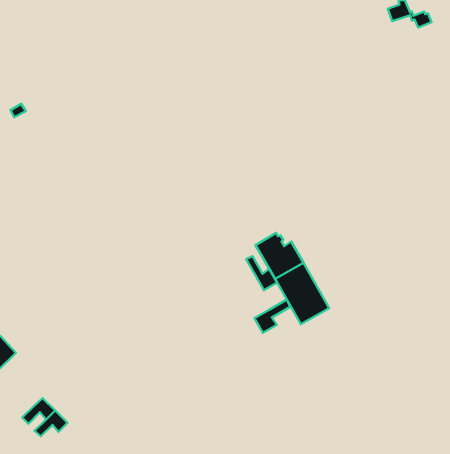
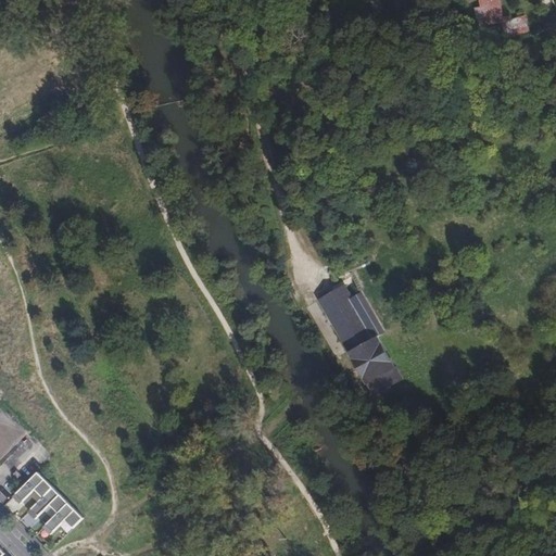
building: [246,256,277,290] -> none
building: [254,300,290,333] -> none
building: none -> [12,471,52,503]

